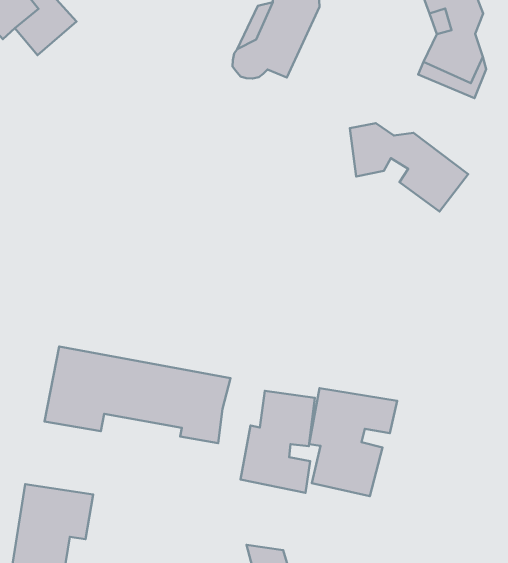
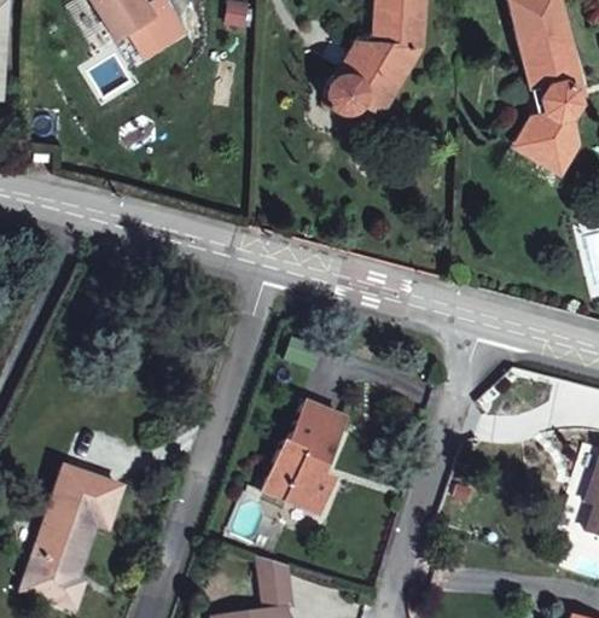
building: [350,123,468,211] -> none
building: [45,347,230,443] -> none
building: [309,388,397,496] -> none

